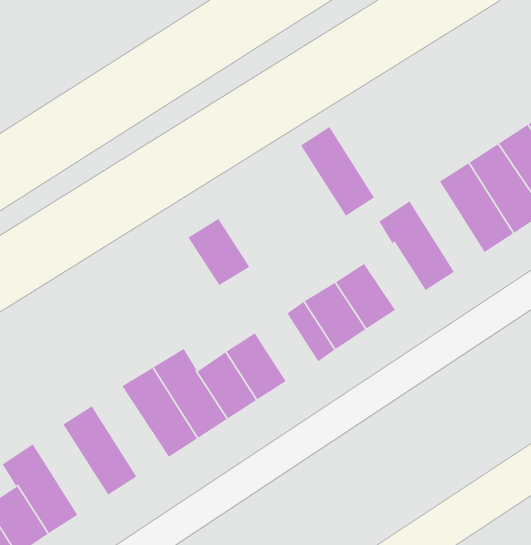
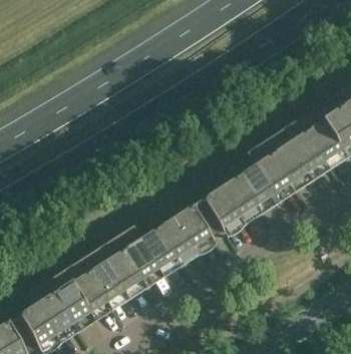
building: [300,126,375,217] -> [268,135,311,188]
building: [188,218,250,286] -> [179,212,215,251]
building: none -> [242,170,277,210]
building: none -> [84,254,128,306]
building: none -> [50,276,93,328]

